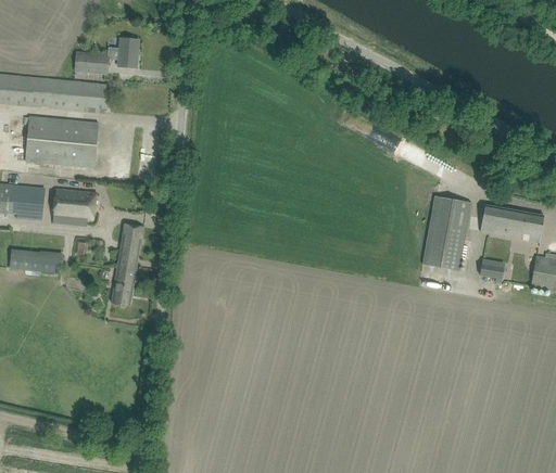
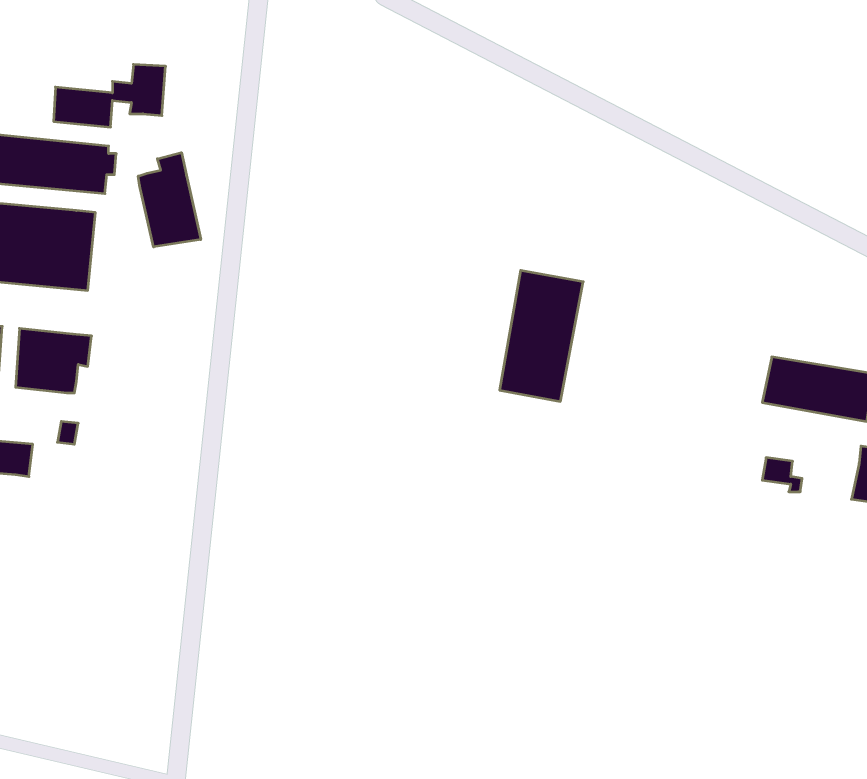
building: none -> [138,153,201,247]
building: [422,195,470,270] -> [500,270,583,401]
building: [111,223,142,306] -> none

